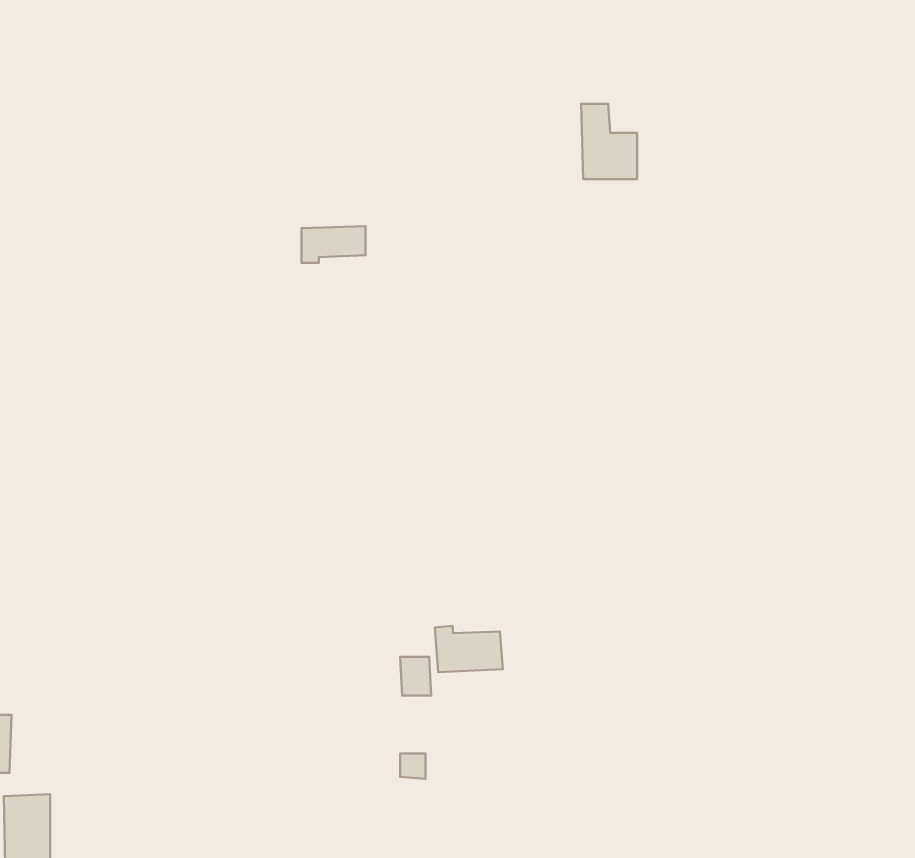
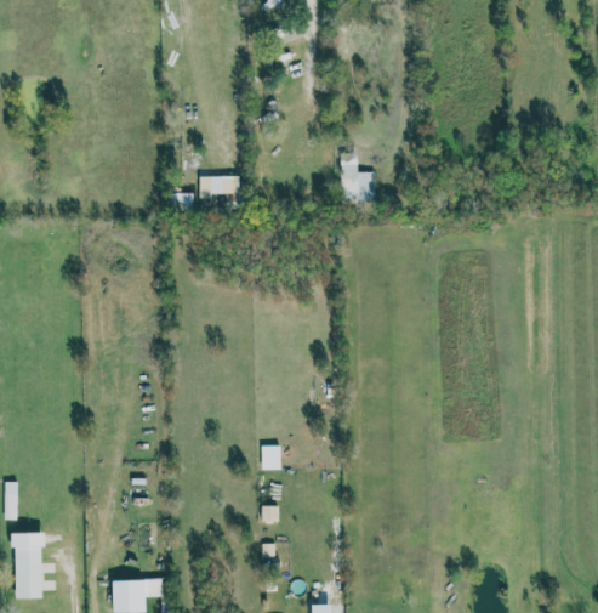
building: [581,104,637,179] -> [338,153,374,200]
building: [435,626,503,672] -> none

